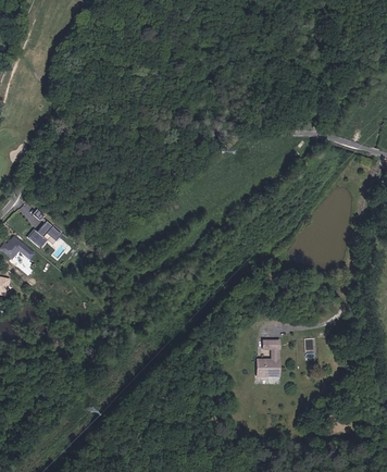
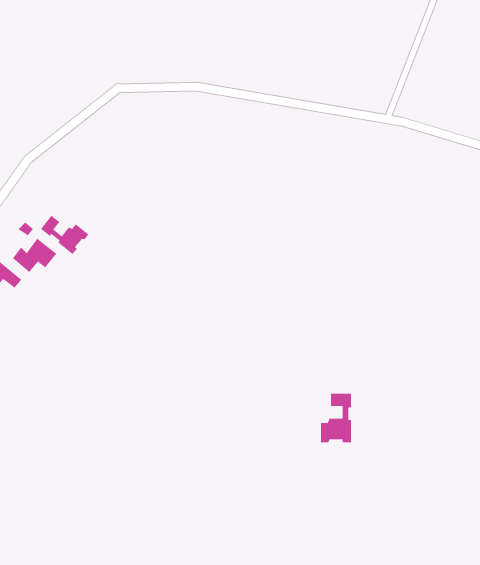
building: none -> [40,215,89,255]

